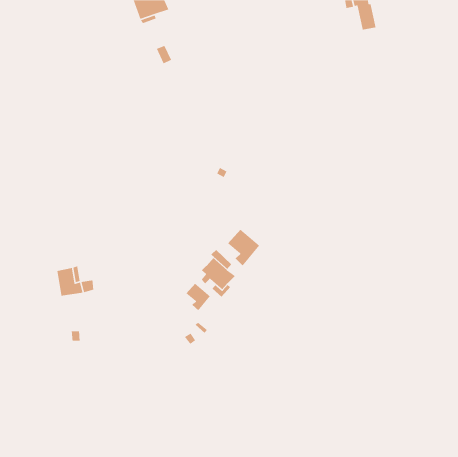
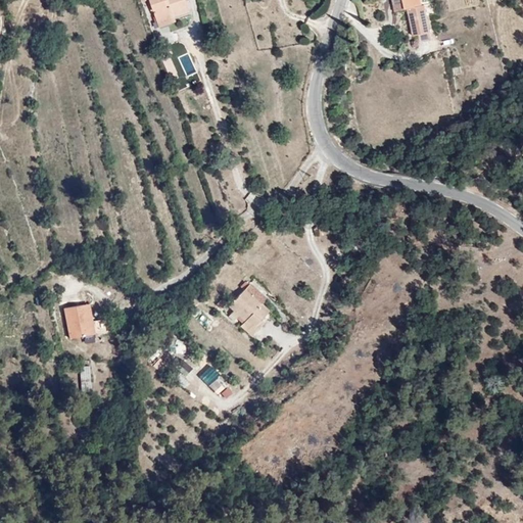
building: [227,229,260,266] -> none
building: [185,283,211,311] -> none

